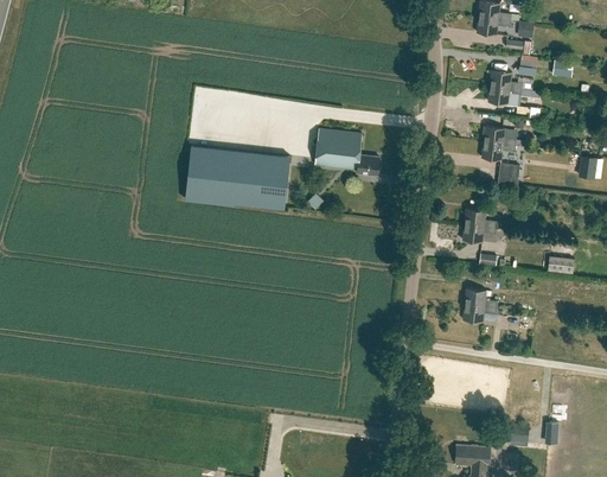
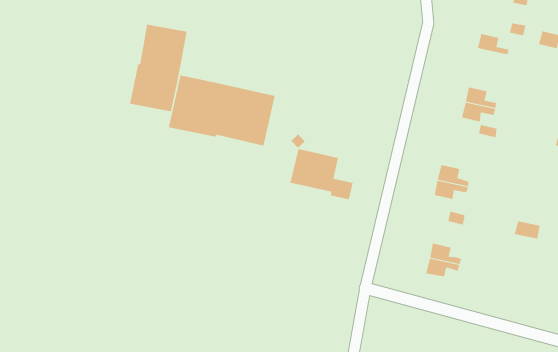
building: [488,85,541,104] -> none
building: none -> [129,24,187,112]
building: [314,128,379,174] -> [289,149,354,200]

